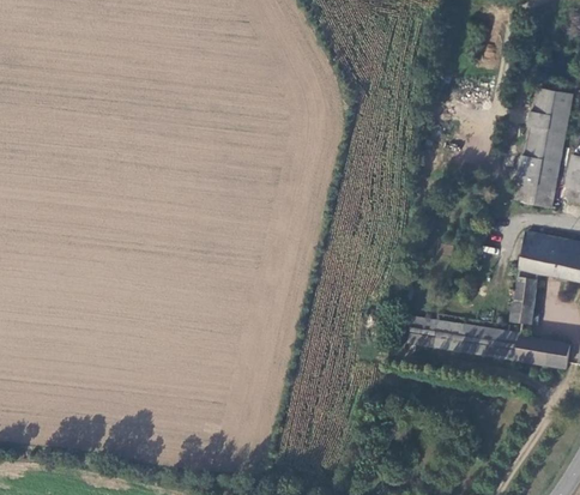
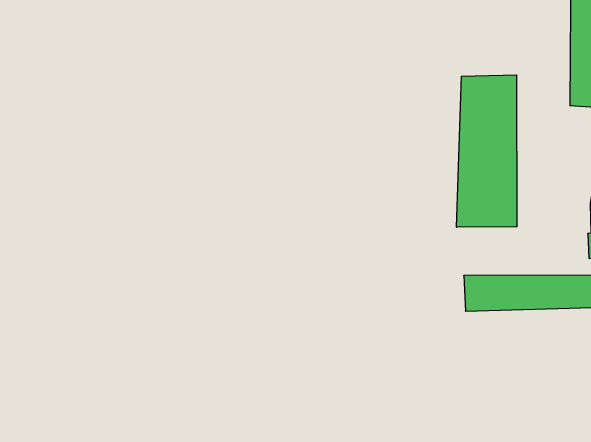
building: none -> [457,75,517,227]

